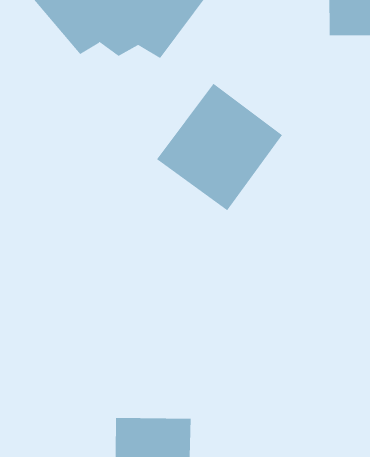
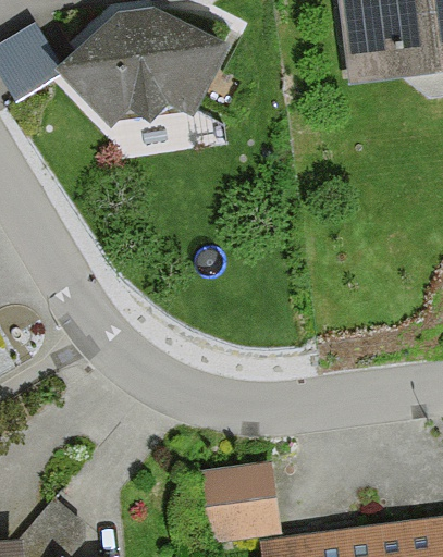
building: [156,83,283,211] -> none

